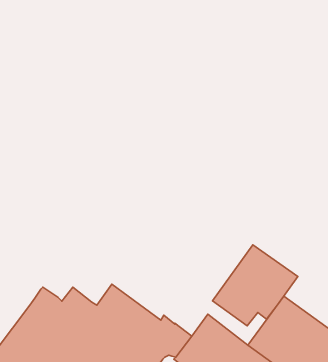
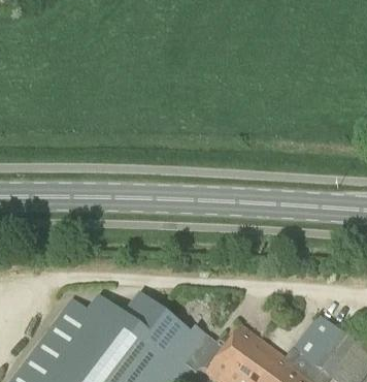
building: [212,245,298,326] -> none

